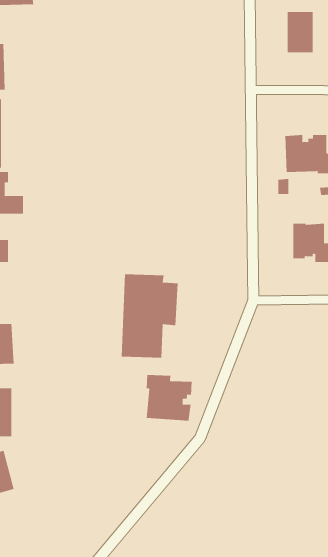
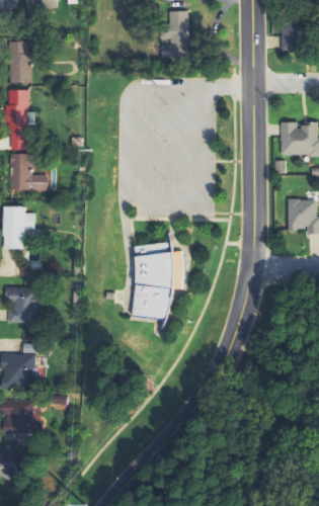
building: none -> [162,11,192,58]
building: [146,374,192,421] -> none

